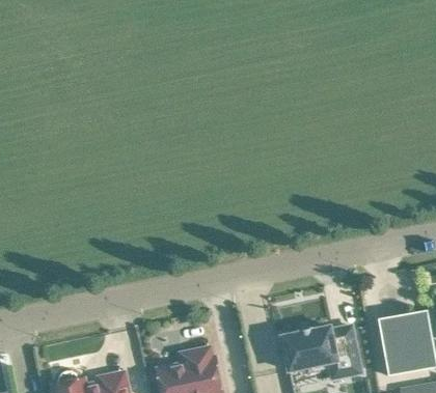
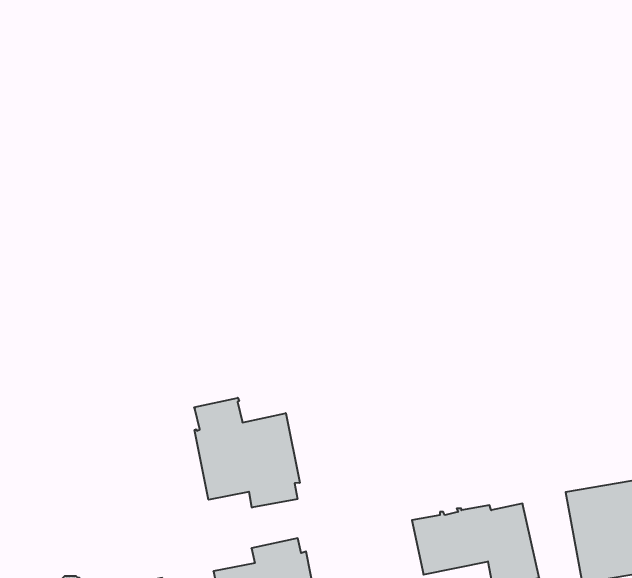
building: none -> [194,398,300,508]

